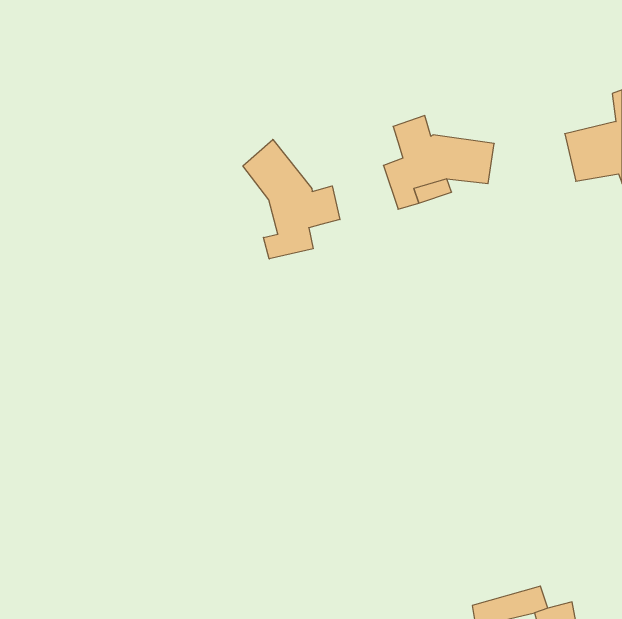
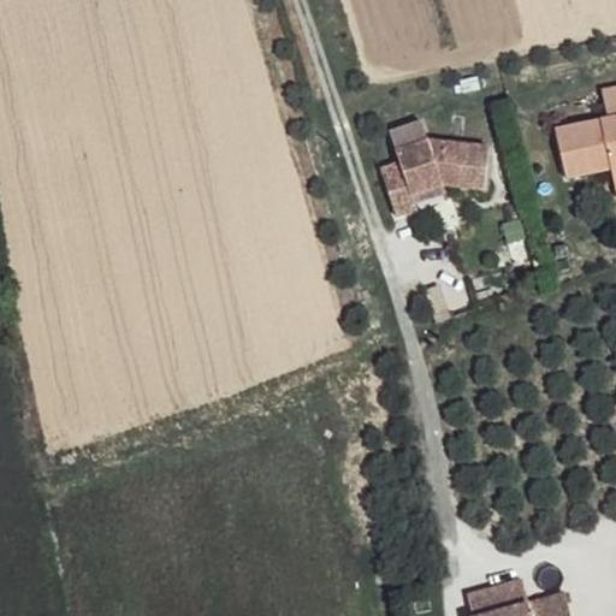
building: [243,139,340,259] -> none

